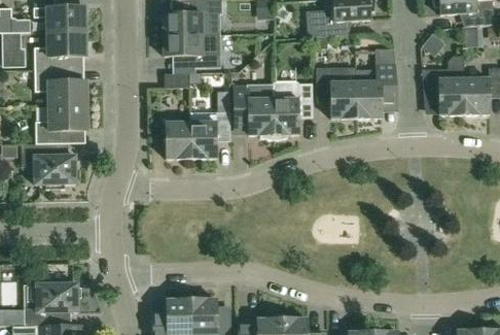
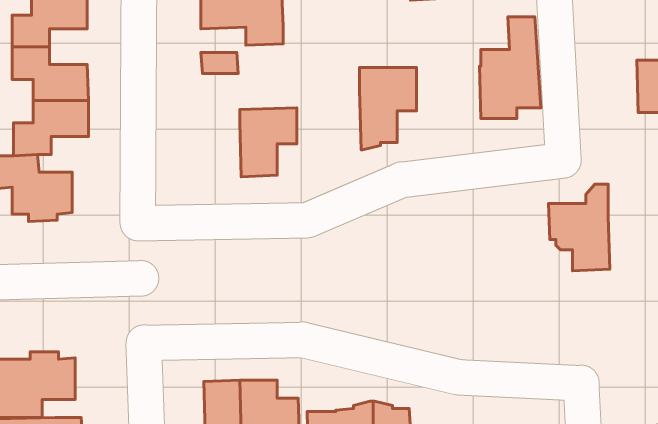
building: [422,55,464,114] -> [548,184,610,271]
building: [316,66,356,118] -> none
building: [234,82,274,139] -> none
building: [165,121,191,158] -> none

